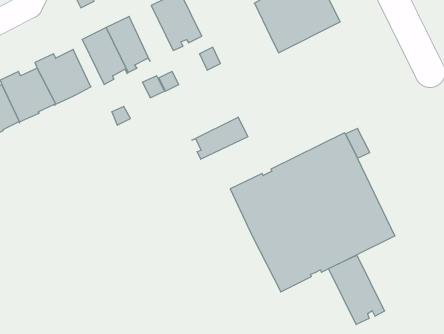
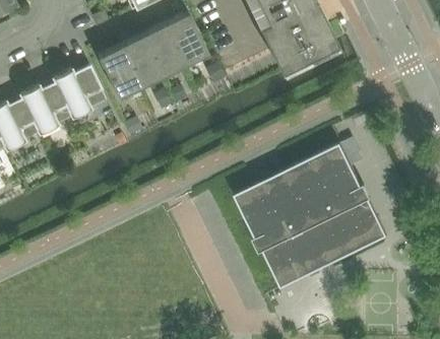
building: none -> [140,25,181,77]
building: [192,117,248,159] -> none
building: [329,255,384,325] -> none

